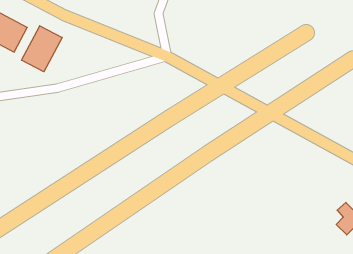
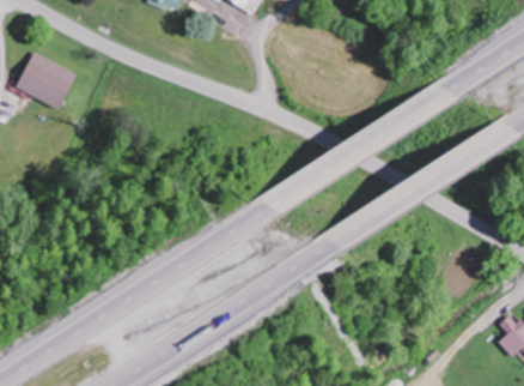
building: [22,26,62,72] -> none

